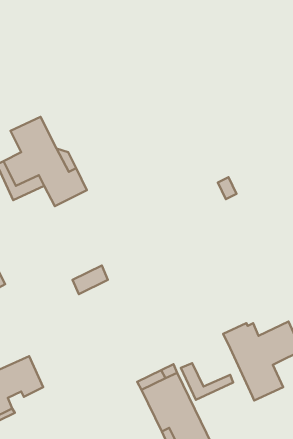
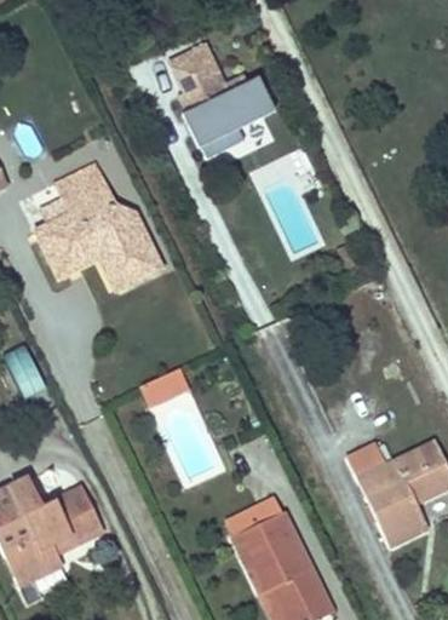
building: none -> [170,45,264,157]
building: [181,363,233,400] -> none

